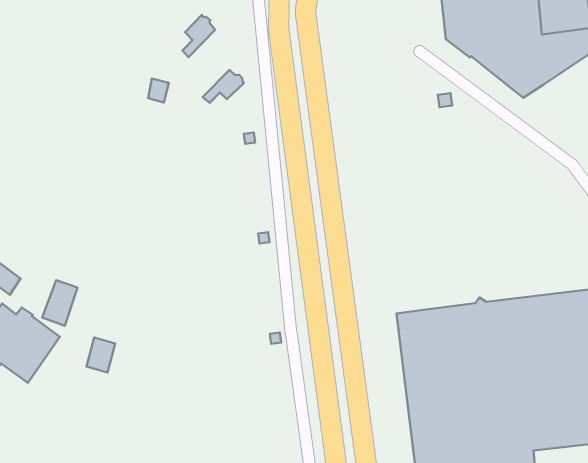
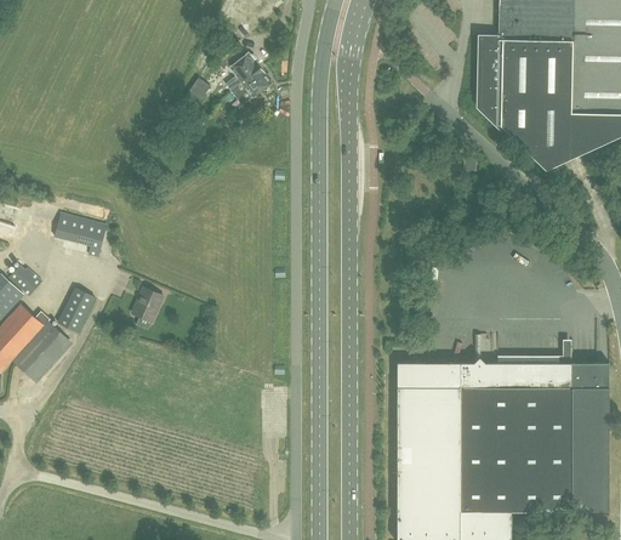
building: [203,70,244,103] -> [230,68,272,97]
building: none -> [55,212,107,256]
building: [86,337,115,373] -> [133,286,164,322]

